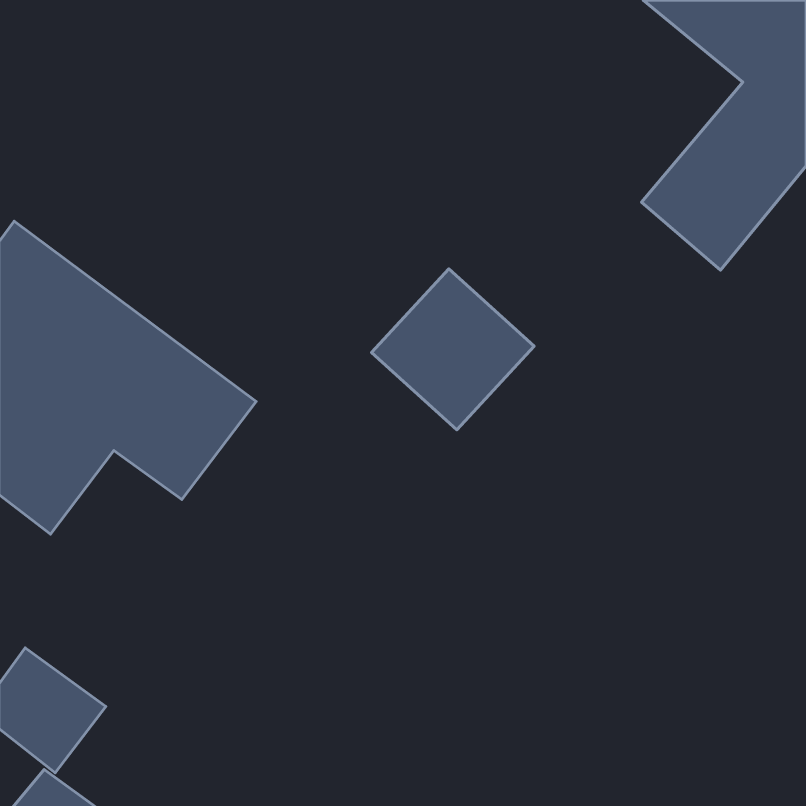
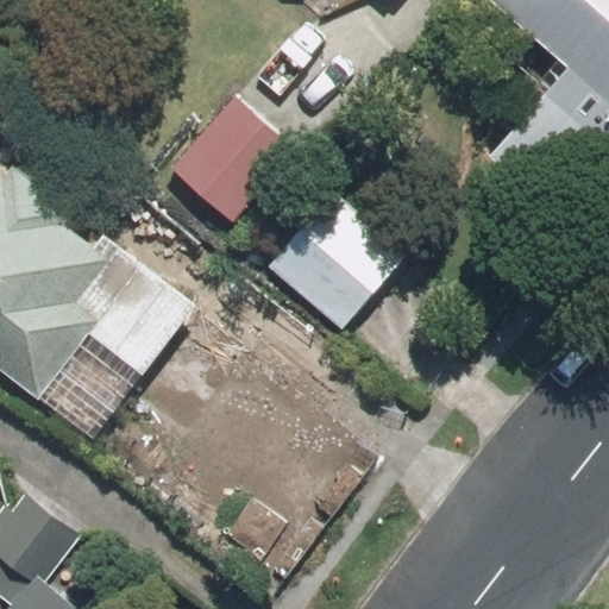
building: none -> [170,98,303,232]

